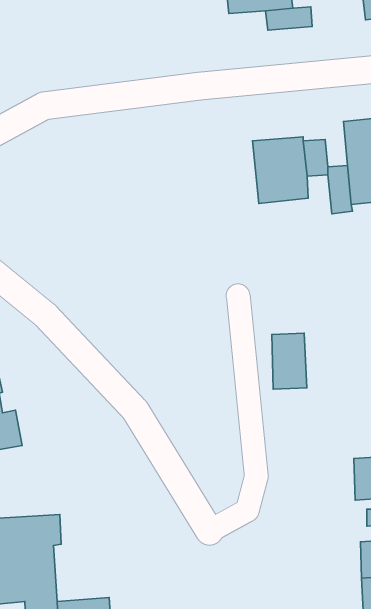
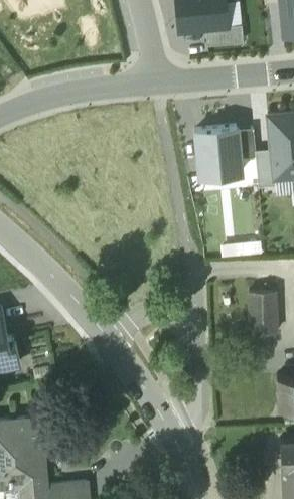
building: [272,333,307,389] -> [249,289,276,332]

